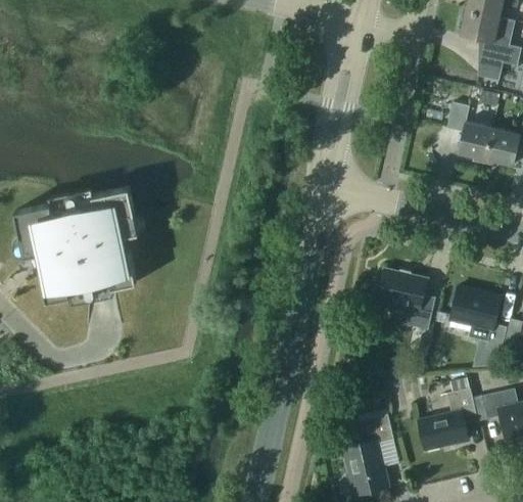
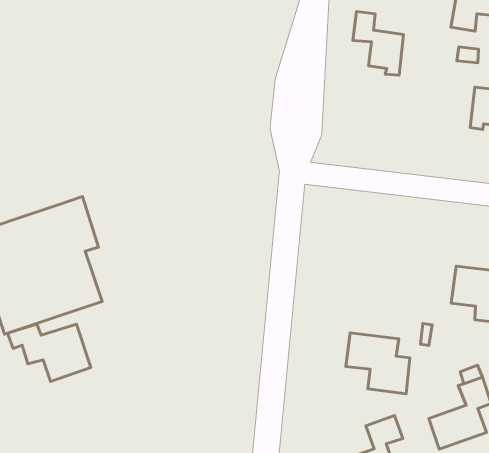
building: [446,102,492,164] -> [353,11,404,75]
building: [377,269,435,329] -> [346,333,410,394]
building: none -> [8,324,91,381]

